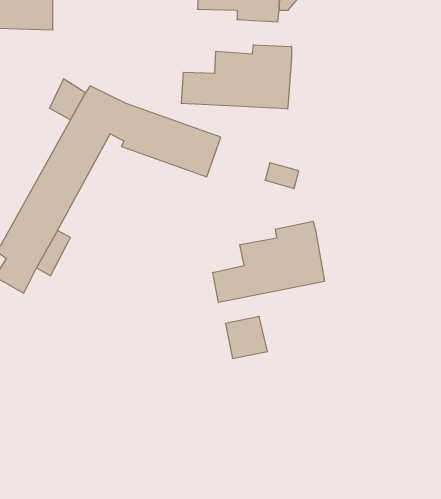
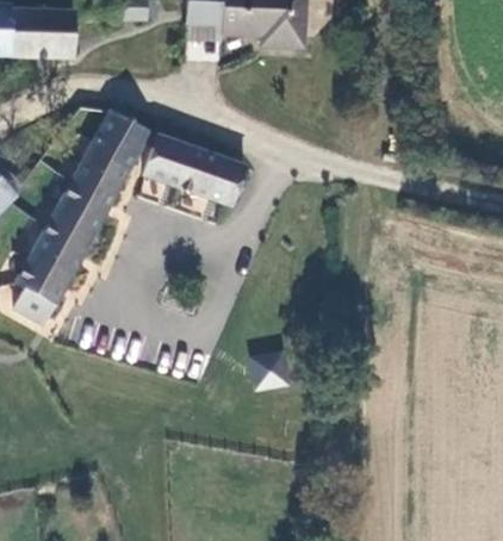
building: [181,45,291,109] -> none
building: [213,221,324,303] -> none

